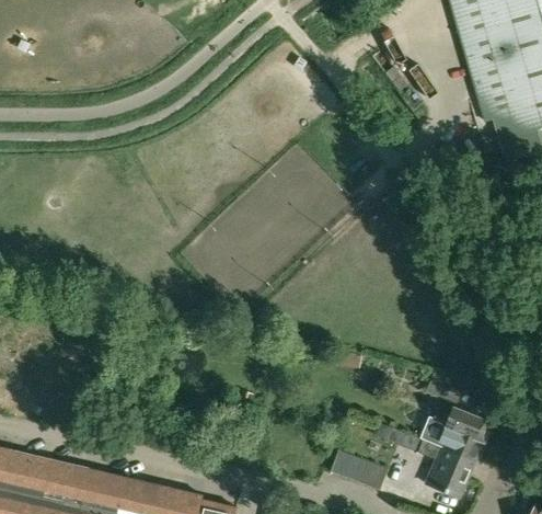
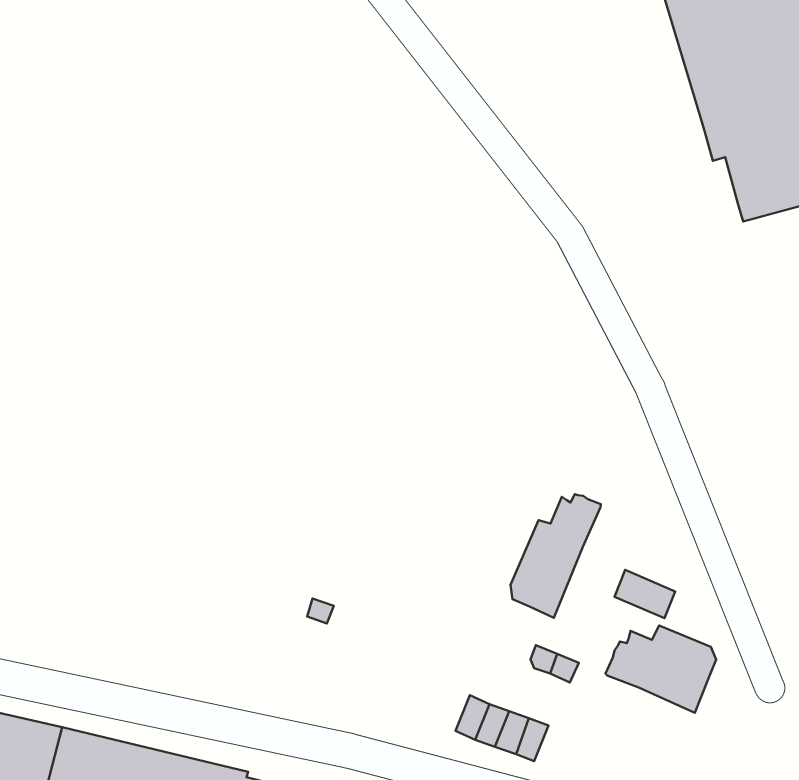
building: none -> [511,494,601,618]
building: [416,436,475,494] -> none

